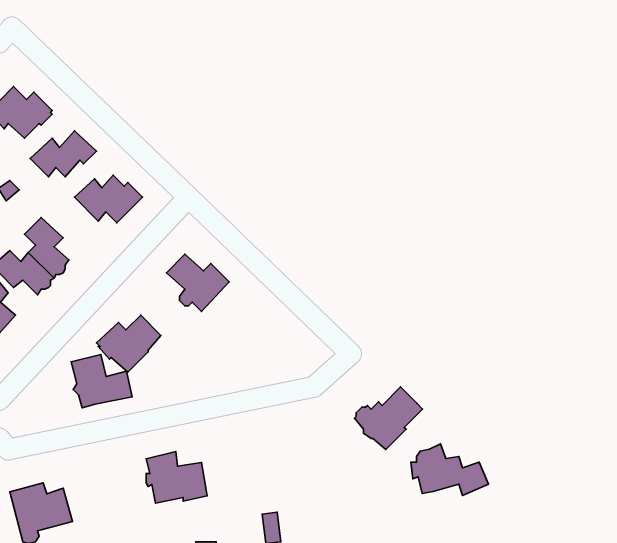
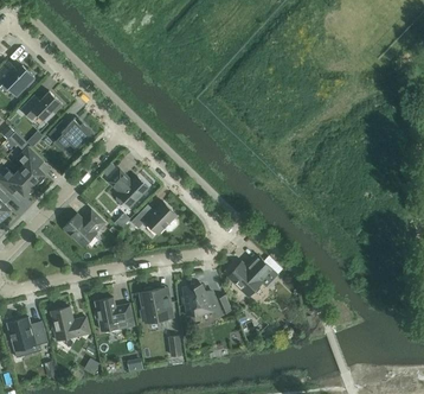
building: none -> [131,203,176,235]
building: [71,354,132,408] -> [51,307,90,342]
building: none -> [140,288,173,324]
building: [411,444,488,495] -> [181,285,231,318]

